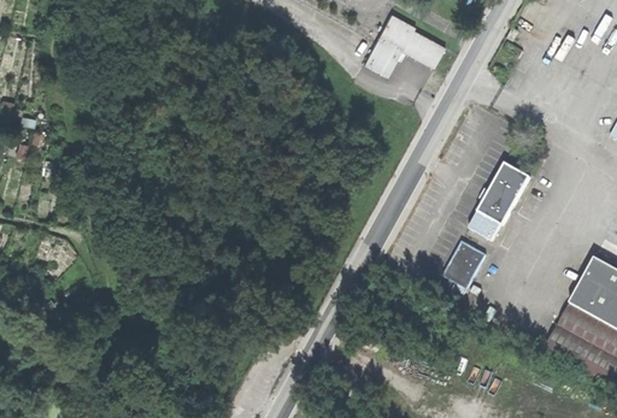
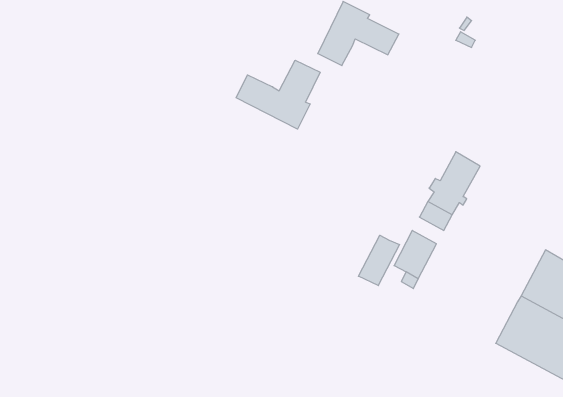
building: none -> [236,60,320,129]
building: none -> [358,235,400,286]

